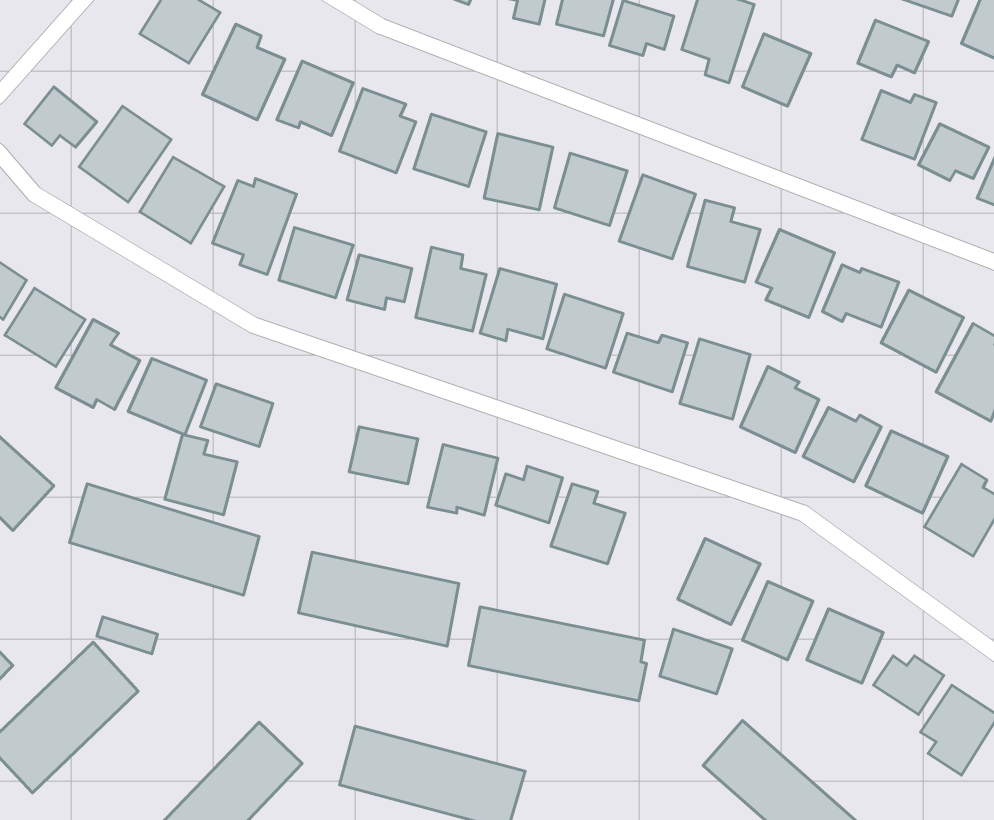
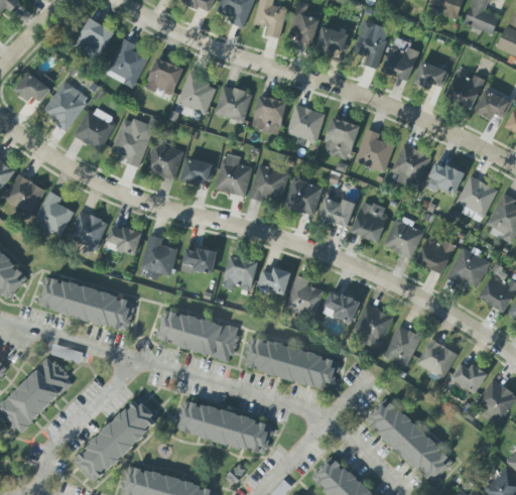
building: [858,20,928,77] -> [412,60,448,90]
building: [165,434,237,515] -> [140,235,177,276]
building: [660,629,732,694] -> [322,290,360,324]

